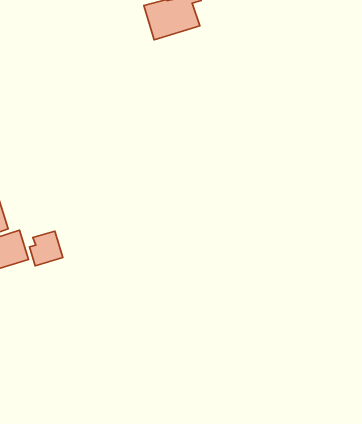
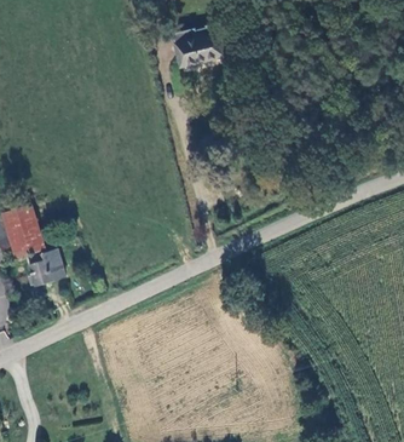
building: [30,231,63,266] -> none

